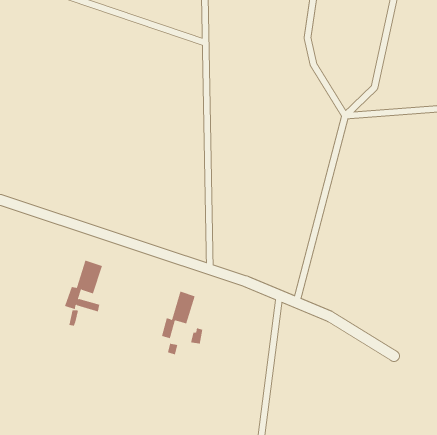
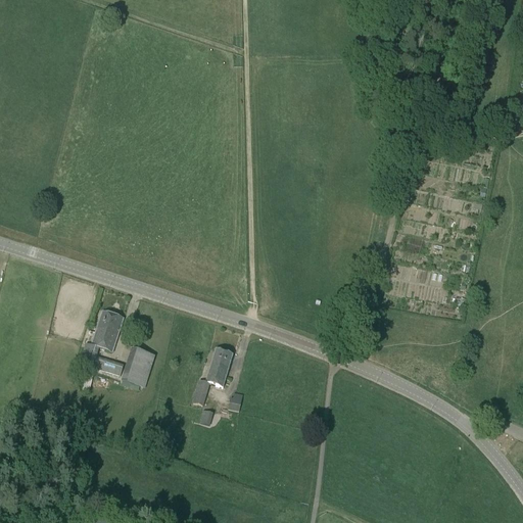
building: none -> [122,347,153,389]

